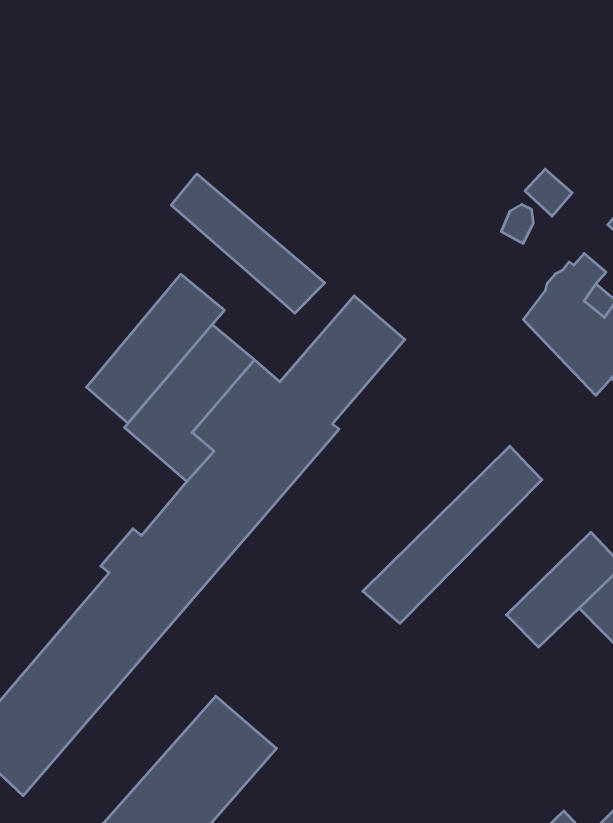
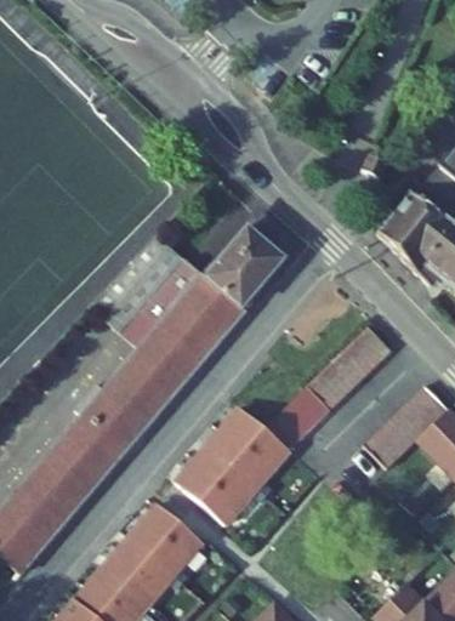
building: [171,174,325,313] -> none
building: [86,274,224,423] -> none
building: none -> [175,408,290,525]

